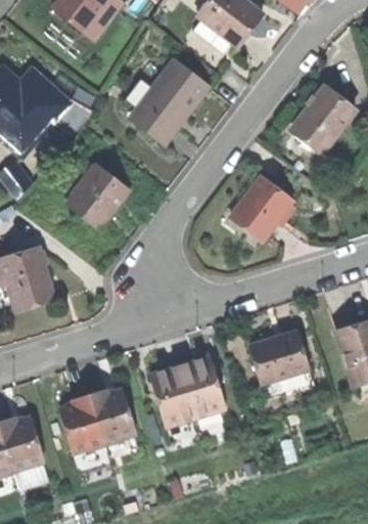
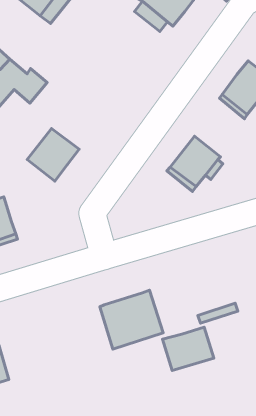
building: [130,58,206,142] -> none
building: [249,332,310,383] -> [163,327,214,370]
building: [61,392,136,451] -> none

